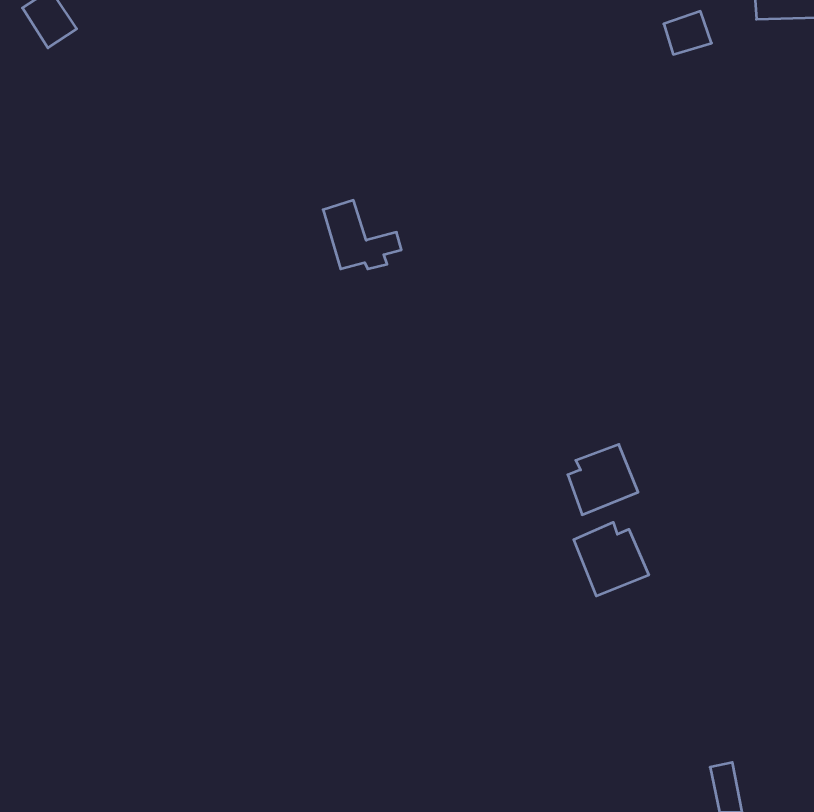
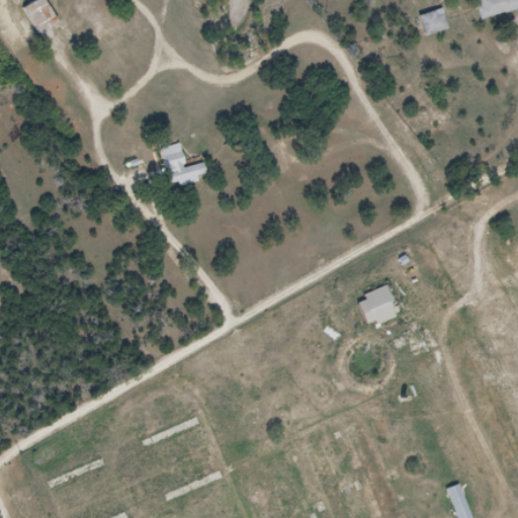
building: [323,200,401,269] -> [156,140,205,183]
building: [574,522,649,596] -> none

